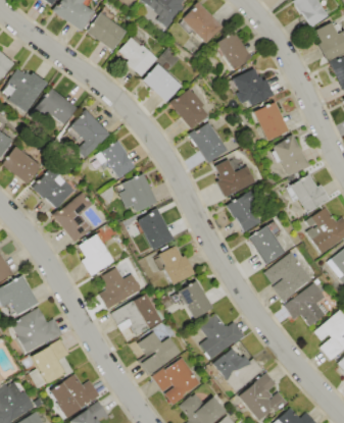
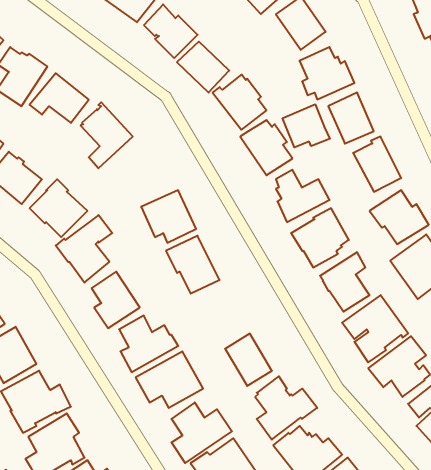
building: none -> [283,104,330,147]
building: [95,141,134,177] -> none
building: [153,245,194,284] -> none

